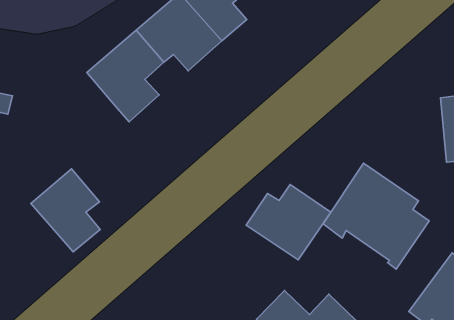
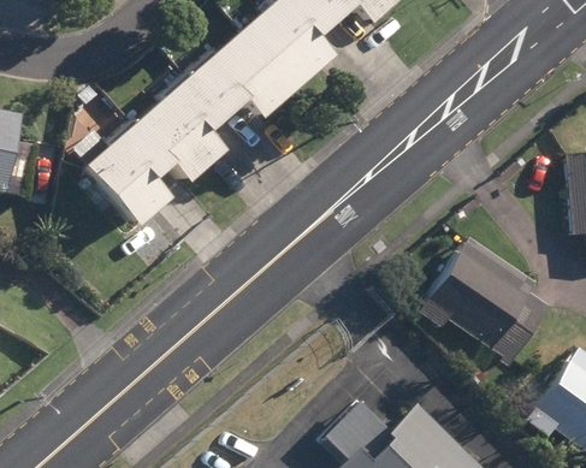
building: [31,169,100,252] -> [75,126,161,230]
building: [246,184,331,260] -> none

